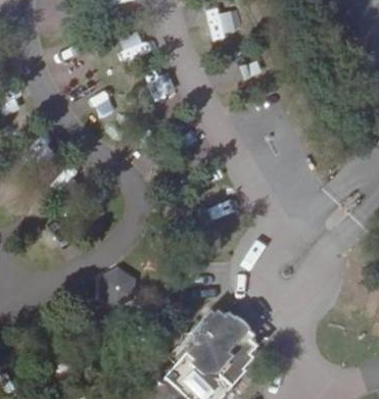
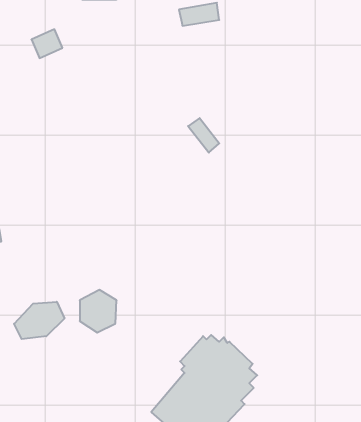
building: none -> [14,302,64,339]

